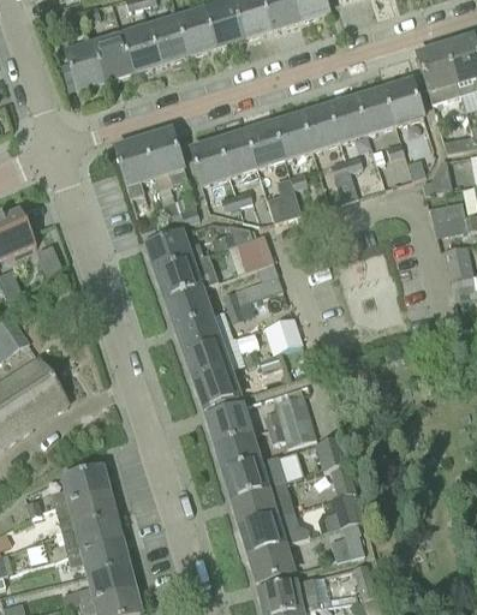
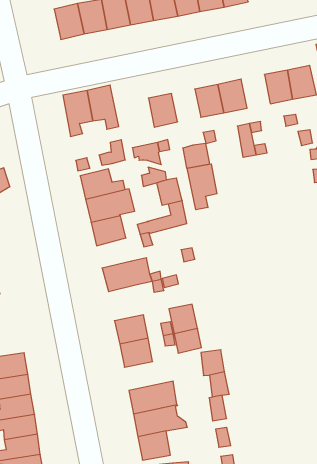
building: [65,44,106,89] -> none
building: [330,97,369,141] -> none
building: [248,119,286,166] -> none
building: [191,141,231,184] -> none
building: none -> [187,164,217,210]
building: [175,314,220,353] -> none
building: [196,369,239,408] -> none
building: [225,455,286,498] -> none

